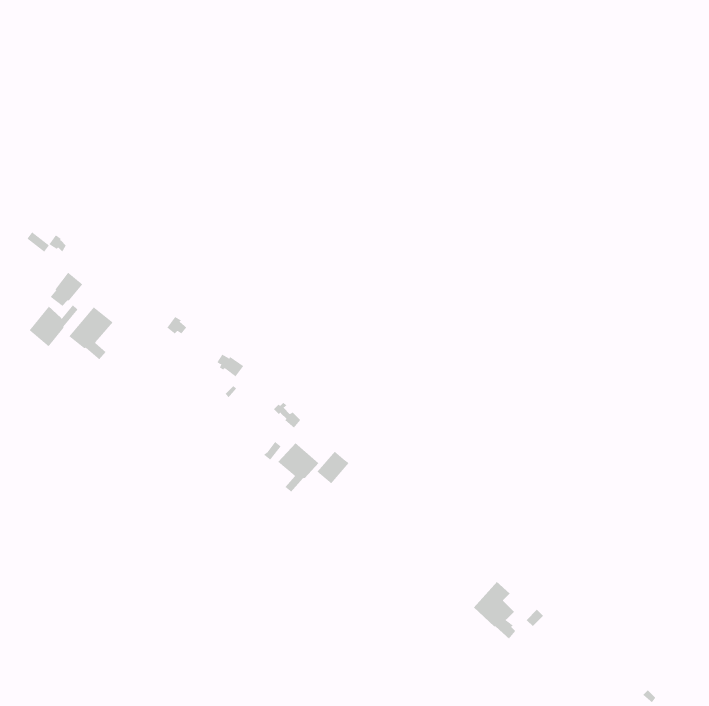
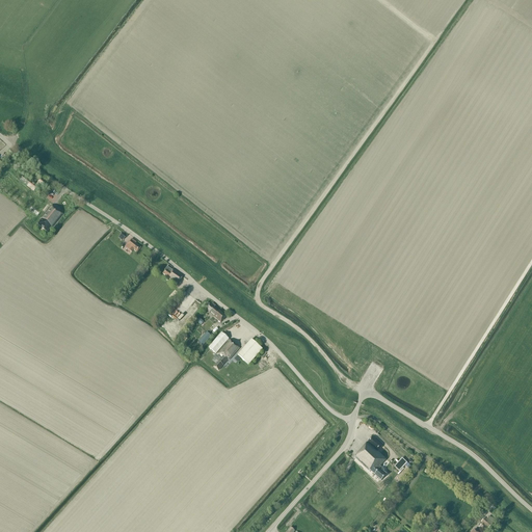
building: [29,305,78,347] -> none
building: [69,306,114,360] -> none

